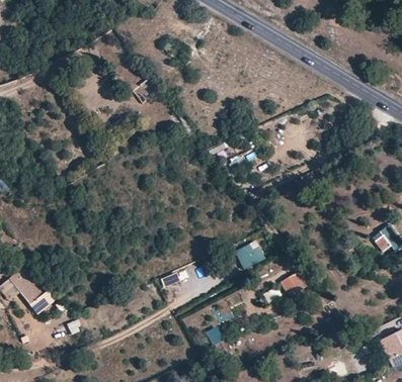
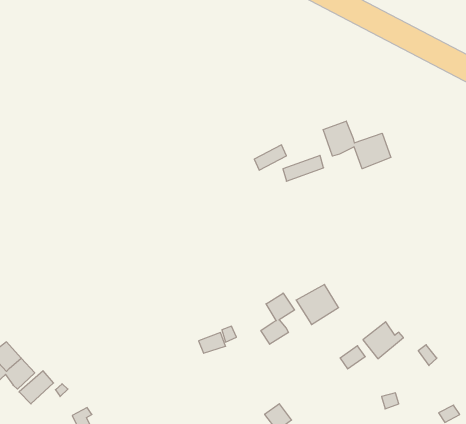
building: none -> [323,121,391,169]
building: none -> [261,293,295,344]

